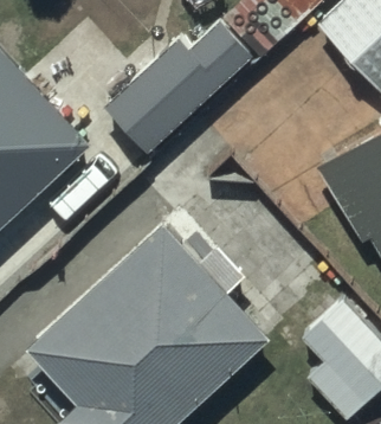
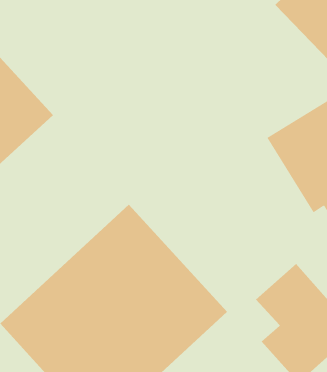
building: [104,28,260,169] -> none

